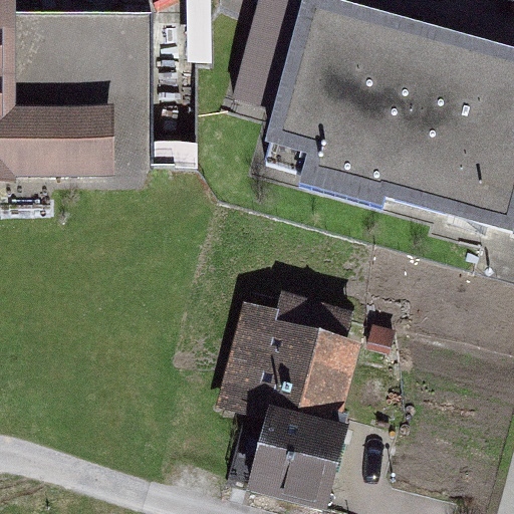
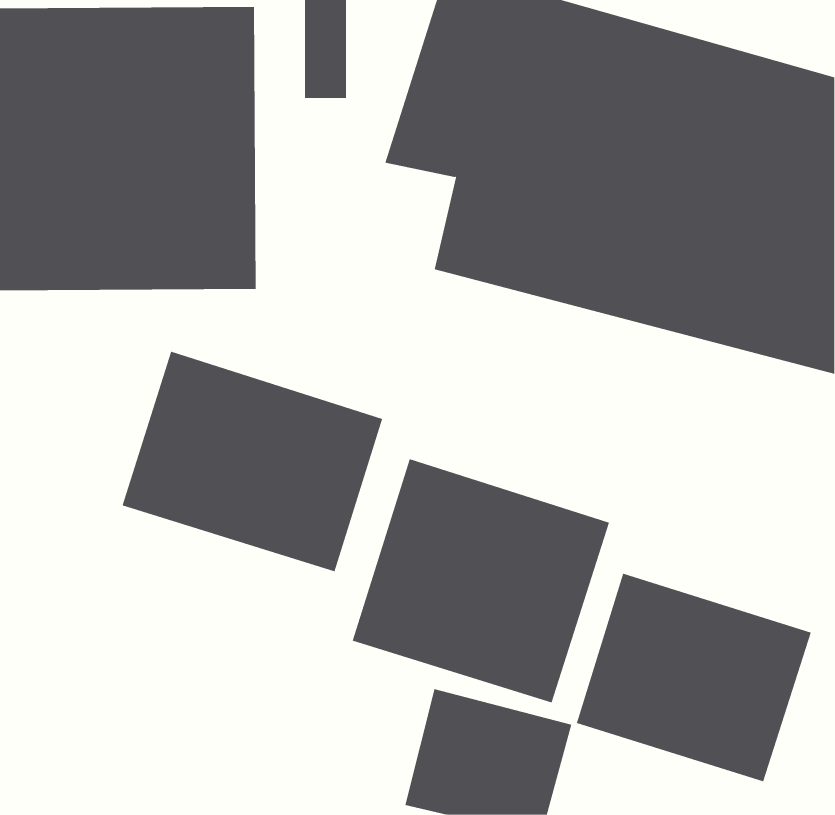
building: none -> [122,351,383,572]
building: none -> [576,573,812,782]

